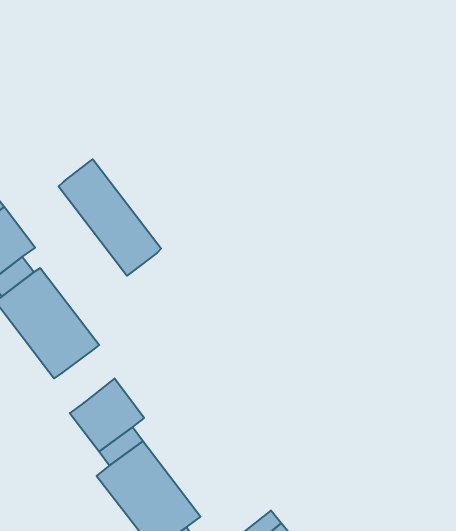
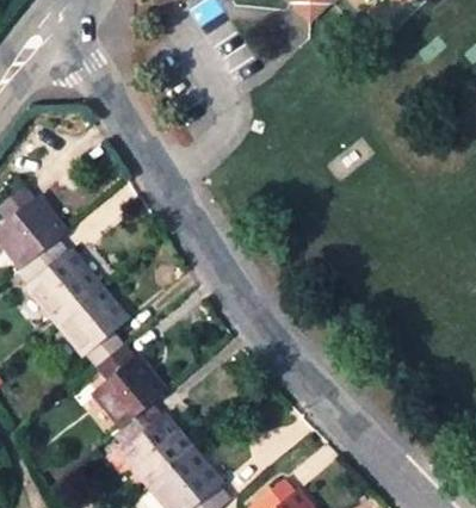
building: [59,159,161,276] -> none
building: none -> [91,333,140,382]

